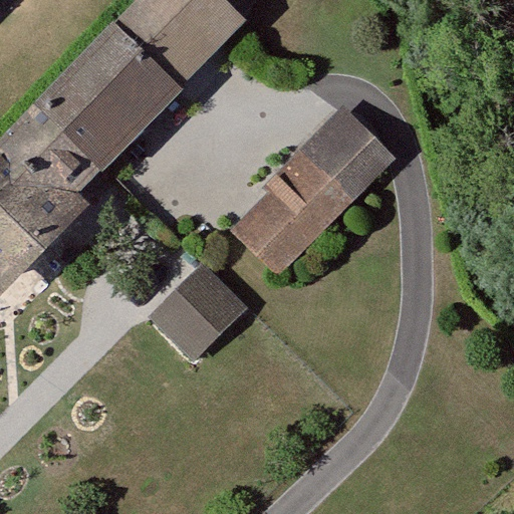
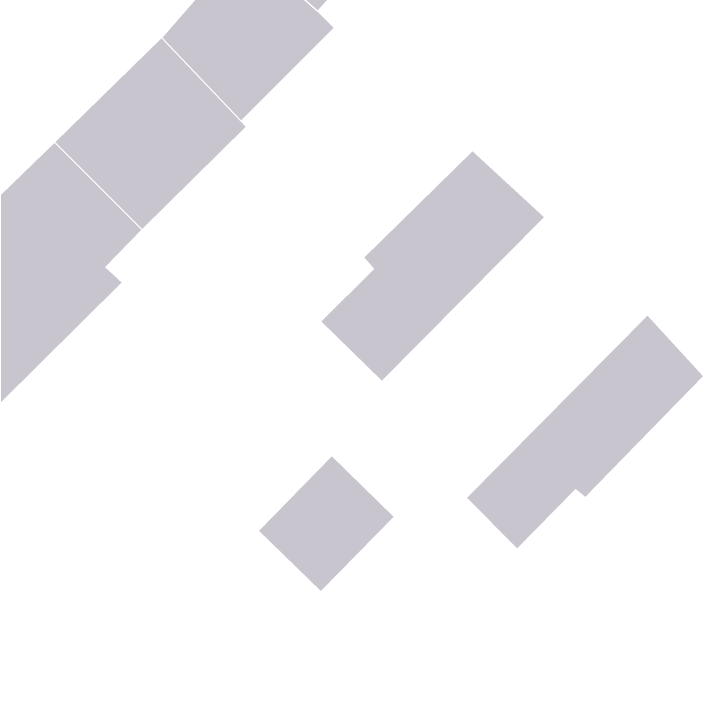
building: none -> [466,315,704,549]
building: [150,263,248,361] -> [258,456,395,592]

